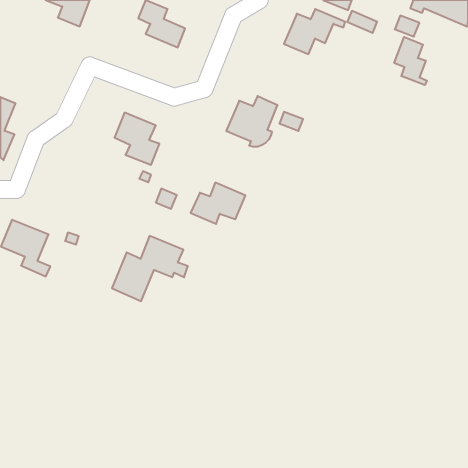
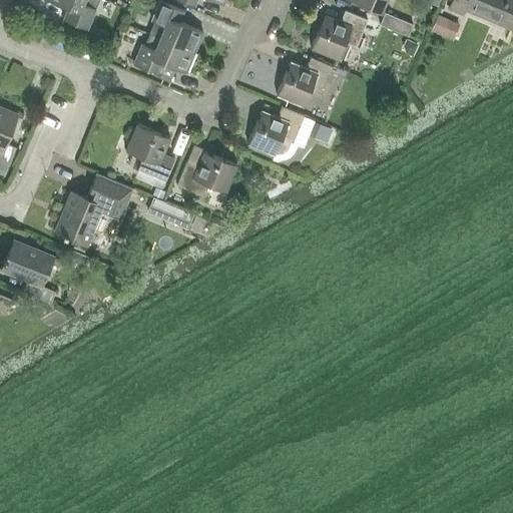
building: none -> [133,34,194,74]
building: [394,37,427,85] -> none
building: none -> [277,56,333,106]
building: [191,183,245,224] -> [176,151,236,196]
building: [112,236,188,301] -> [55,173,138,244]

